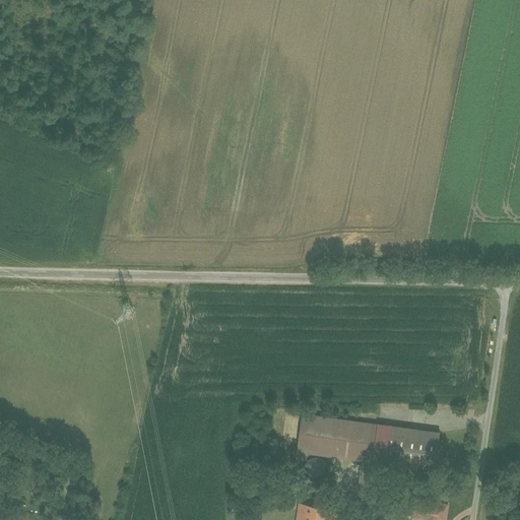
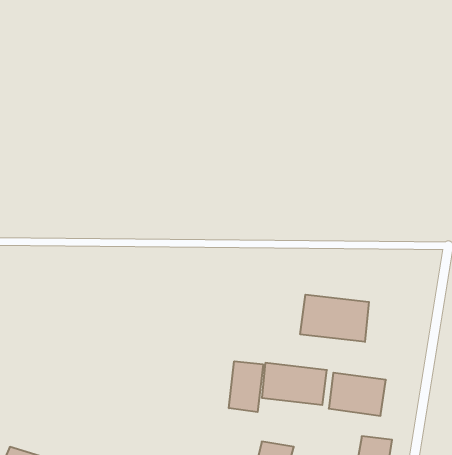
building: none -> [300,295,369,342]
building: none -> [229,361,263,412]

